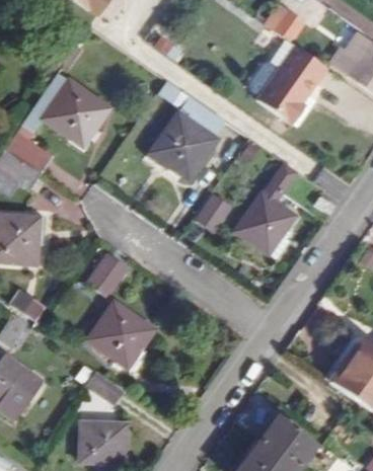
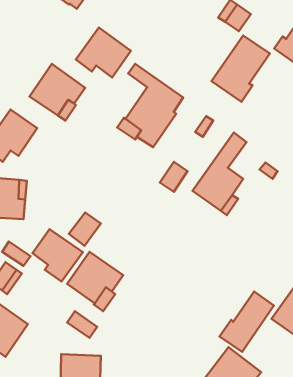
building: none -> [76,28,131,77]
building: none -> [32,229,83,282]
building: none -> [220,292,274,352]

